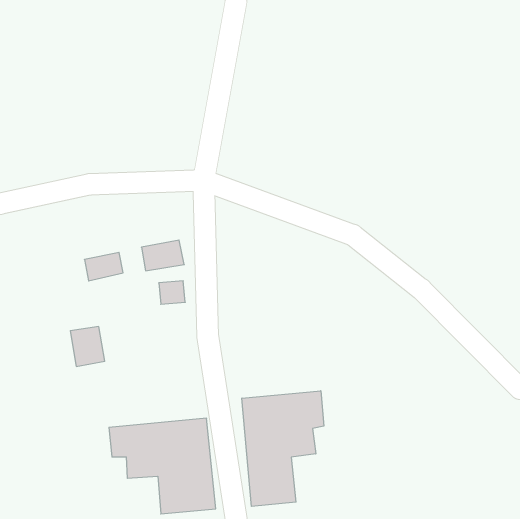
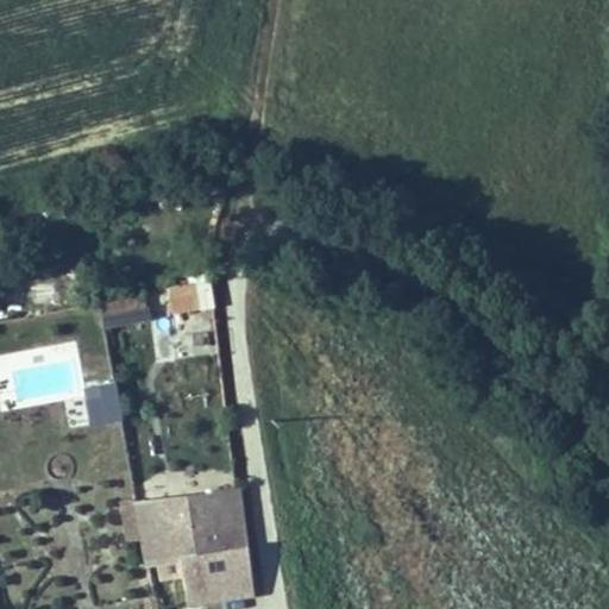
building: [242,391,324,506] -> none

